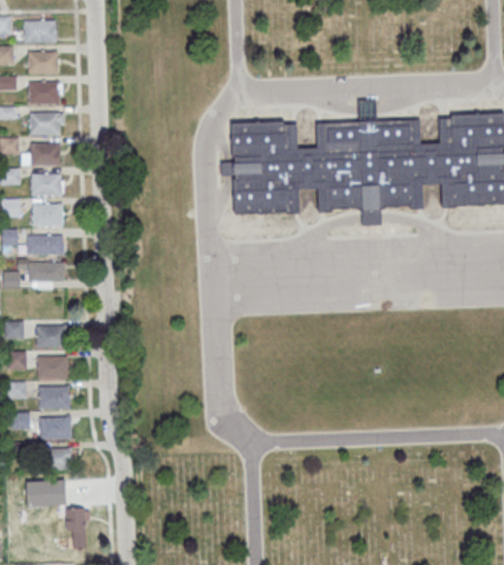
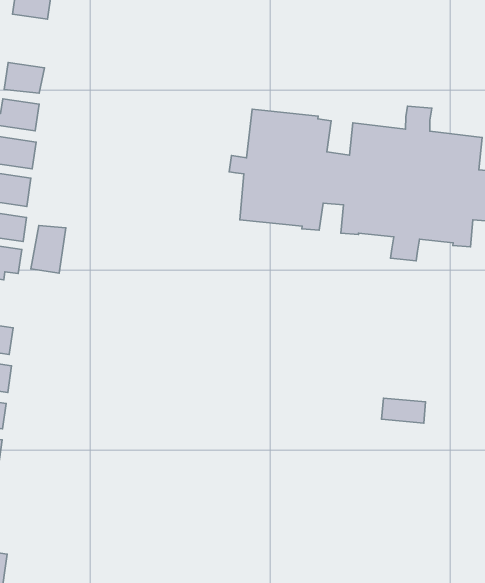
building: [29,82,57,104] -> none
building: none -> [31,226,66,273]
building: none -> [381,398,426,423]

